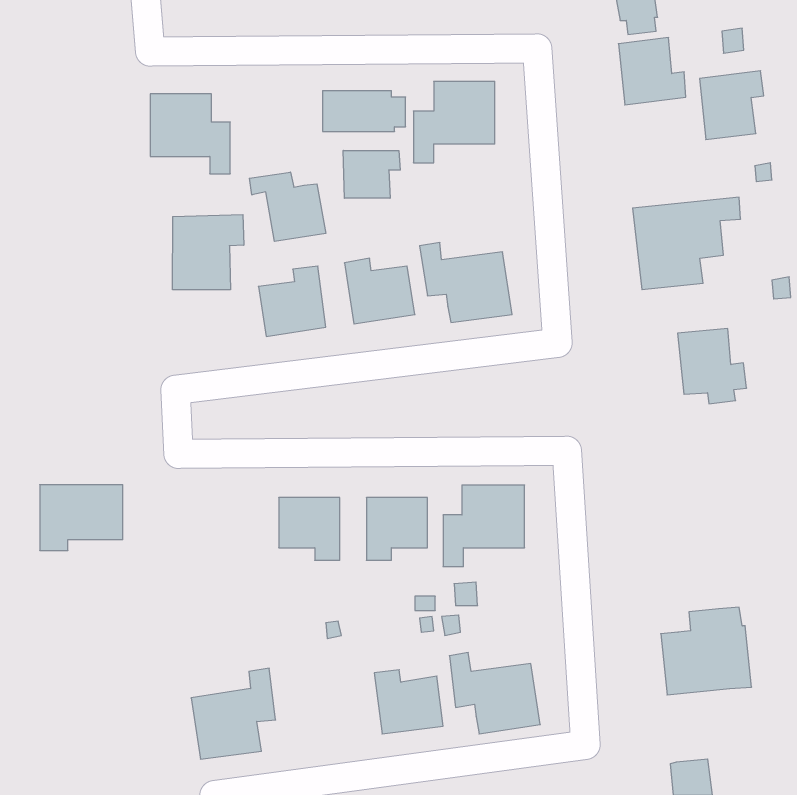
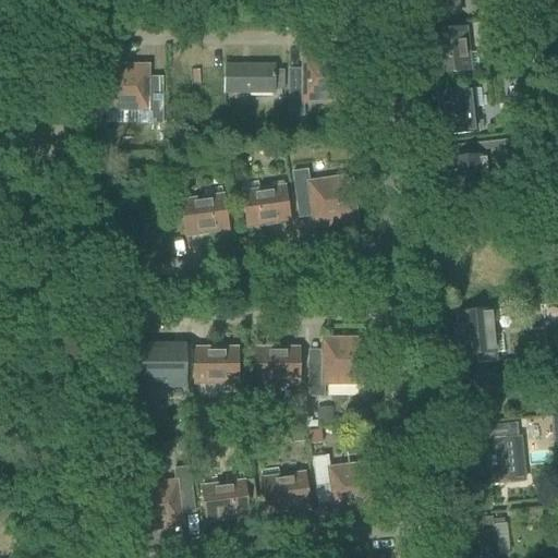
building: [700,71,764,140] -> [439,86,484,134]
building: [343,150,400,198] -> none
building: [249,172,326,241] -> none
building: [173,215,244,290] -> none
building: [678,329,747,404] -> [458,308,506,361]
building: [40,485,123,550] -> [128,345,185,391]
building: none -> [203,471,250,520]

